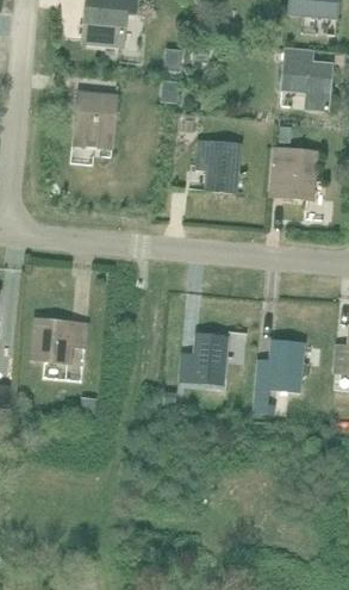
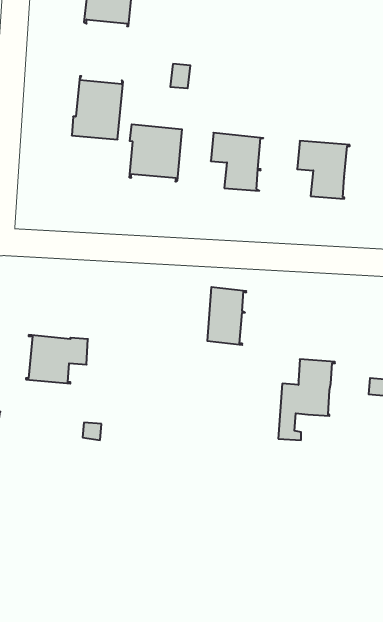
building: [281,46,331,110] -> none
building: none -> [130,124,182,182]
building: [193,334,228,385] -> [207,287,246,345]

